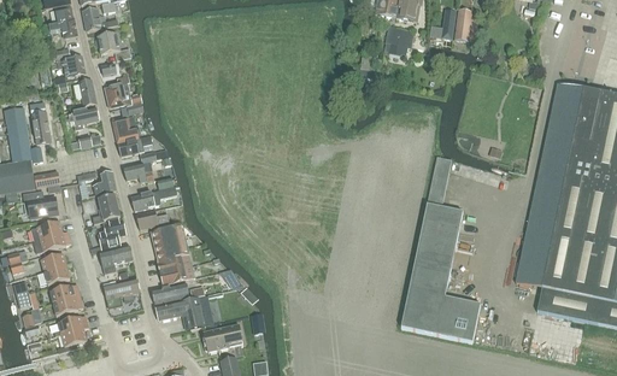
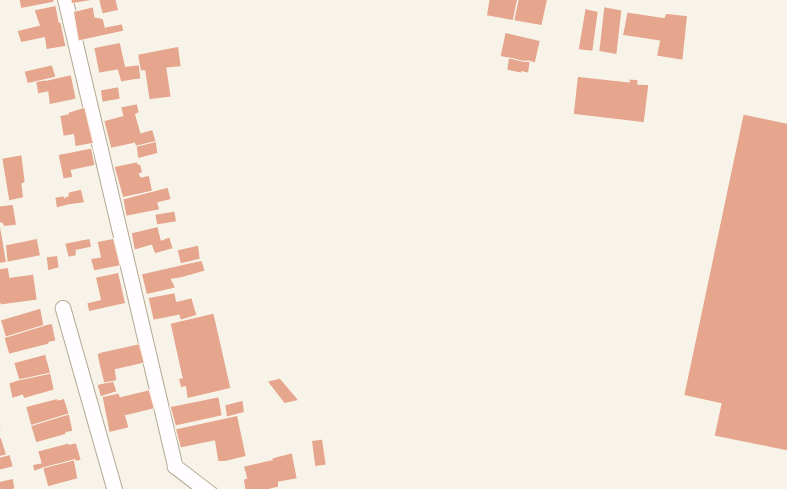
building: none -> [623,12,688,60]
building: none -> [137,46,181,100]
building: none -> [573,76,649,123]
building: [400,155,480,341] -> none
building: [96,218,125,248] -> none

